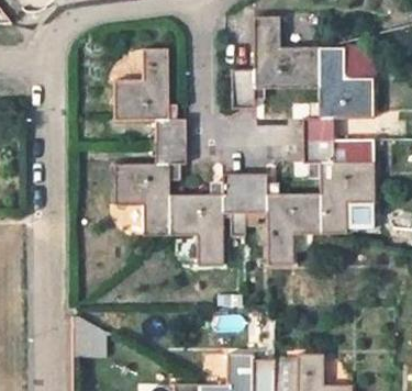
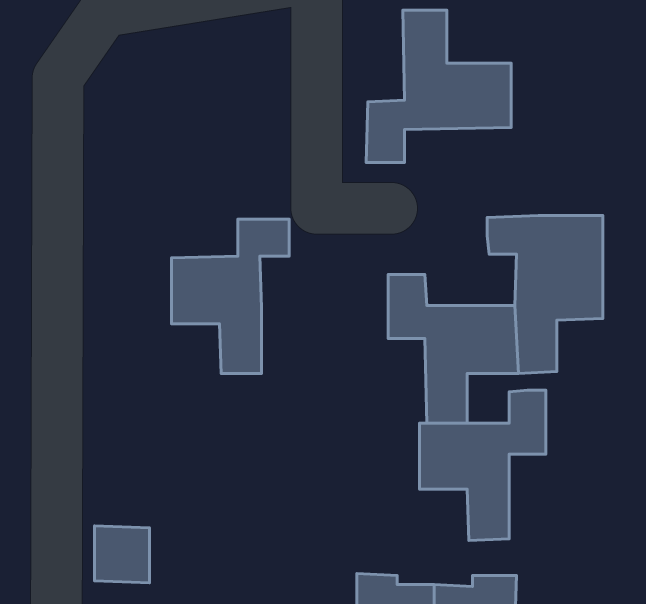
building: [116,47,188,141] -> none
building: [307,47,375,139] -> none
building: [171,174,247,264] -> [419,390,546,541]

